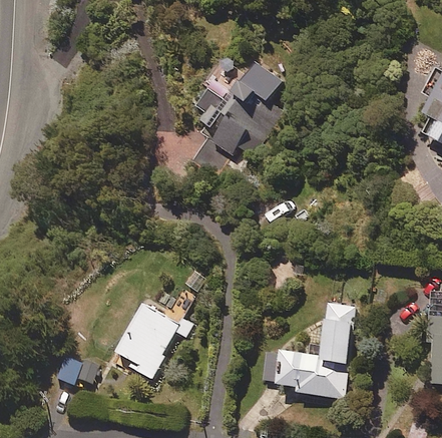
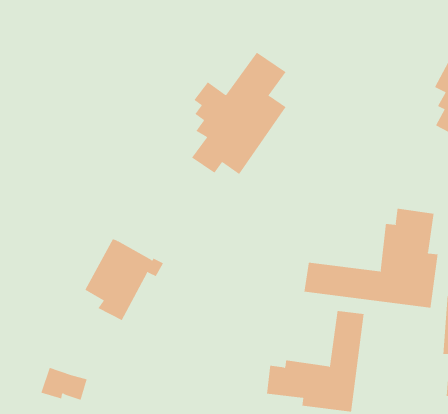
building: none -> [304,208,438,309]
building: [116,302,190,379] -> [85,238,164,321]

